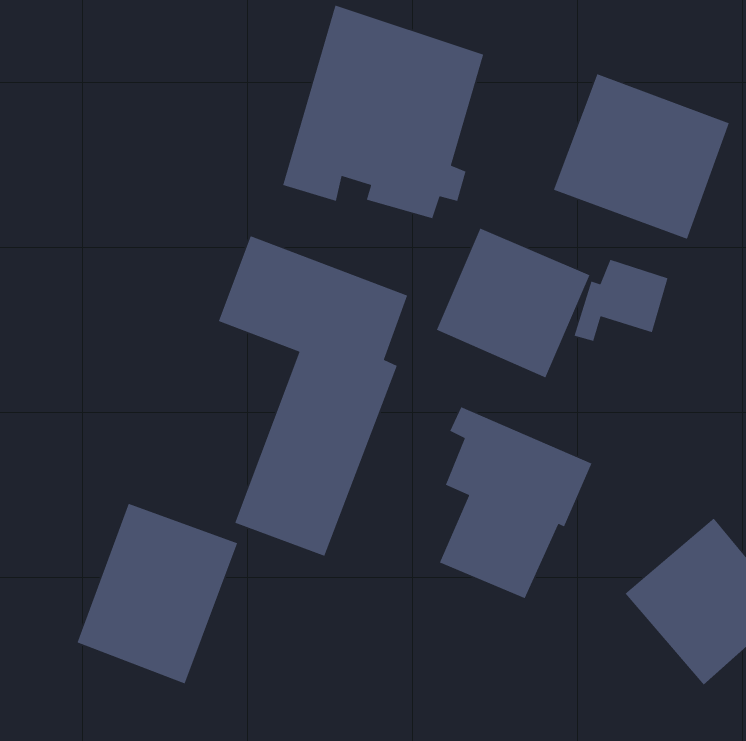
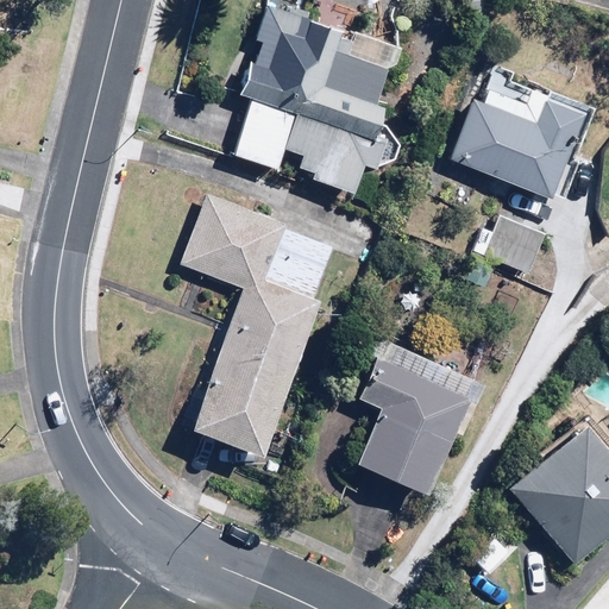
building: [436,228,591,378] -> none
building: [76,503,238,684] -> none

